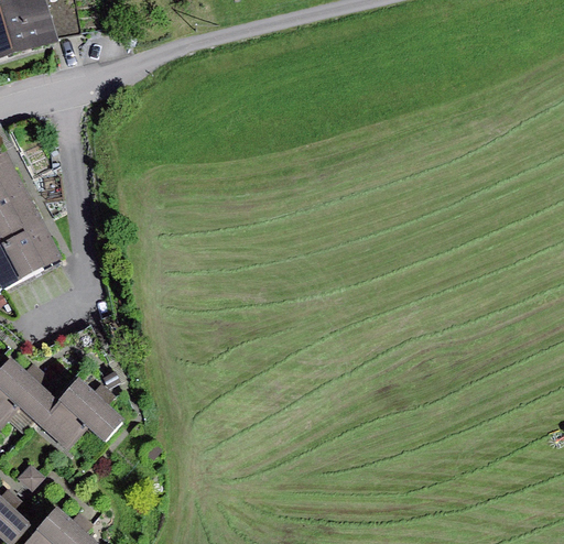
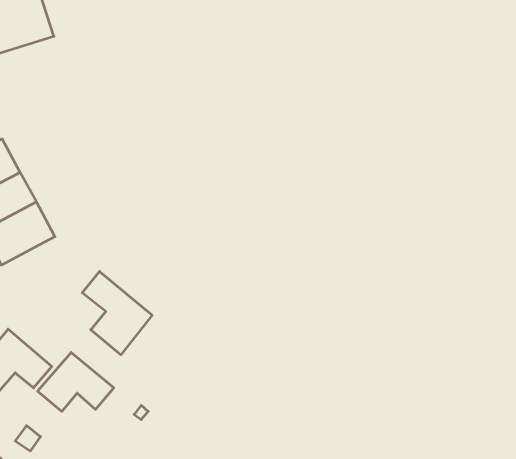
building: none -> [82,271,152,355]

